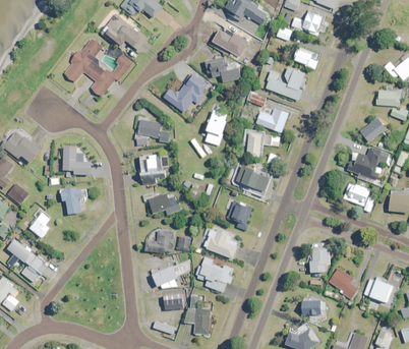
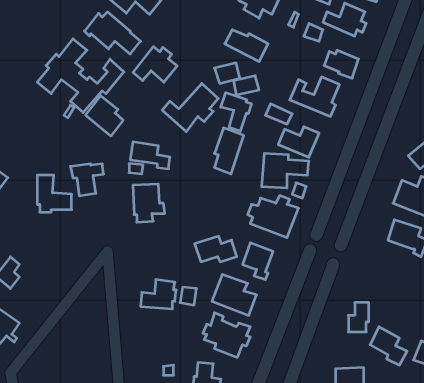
building: none -> [133,47,177,82]
building: none -> [221,93,251,131]
building: none -> [86,96,123,136]
building: [60,188,86,214] -> [70,164,104,196]
building: [147,193,180,214] -> [195,236,237,262]
building: [151,266,177,288] -> none

